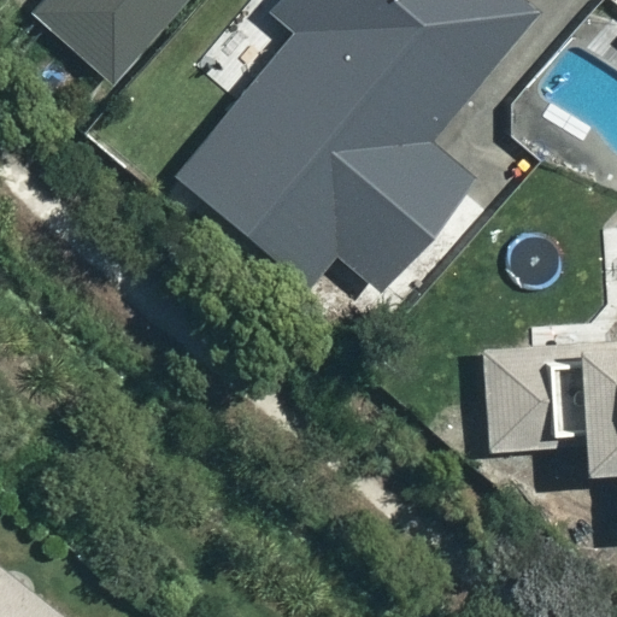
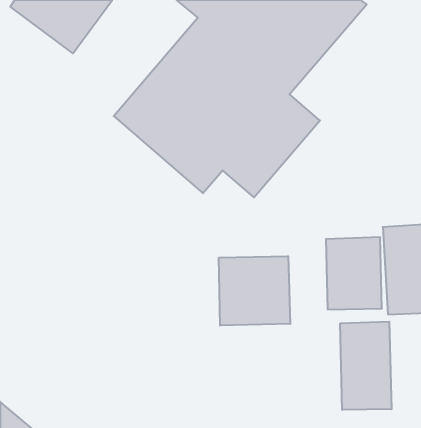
building: none -> [219,256,290,326]
building: none -> [340,322,391,410]

